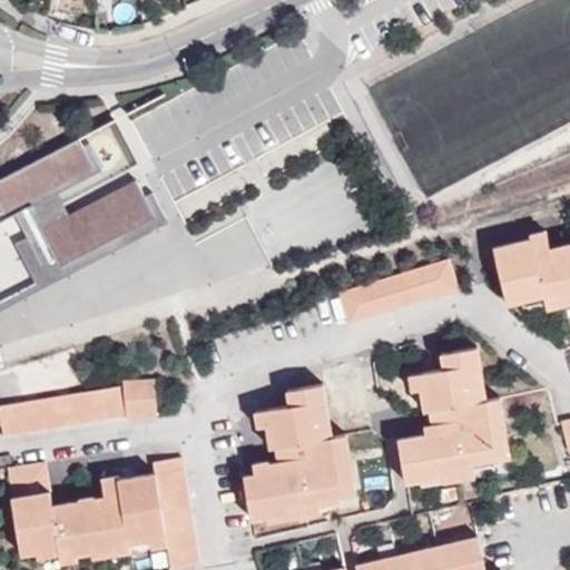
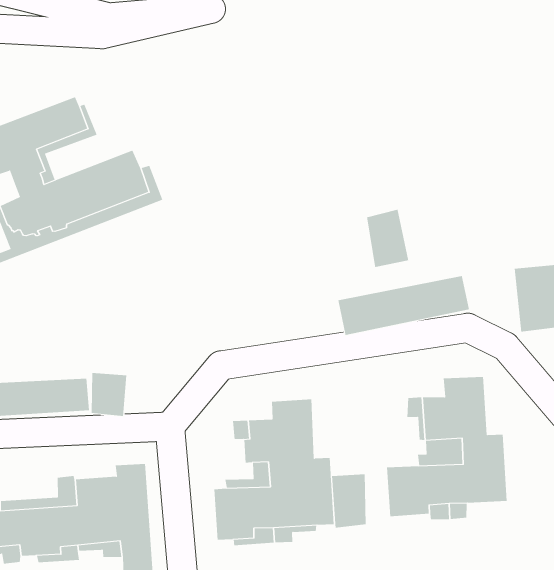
building: none -> [366,209,409,268]
building: none -> [332,473,366,528]

